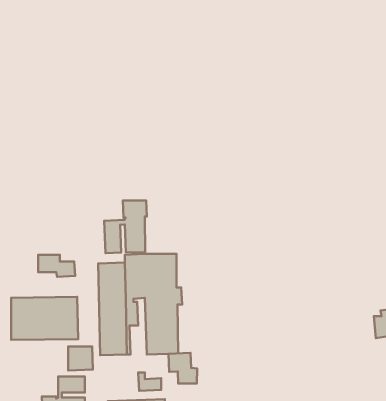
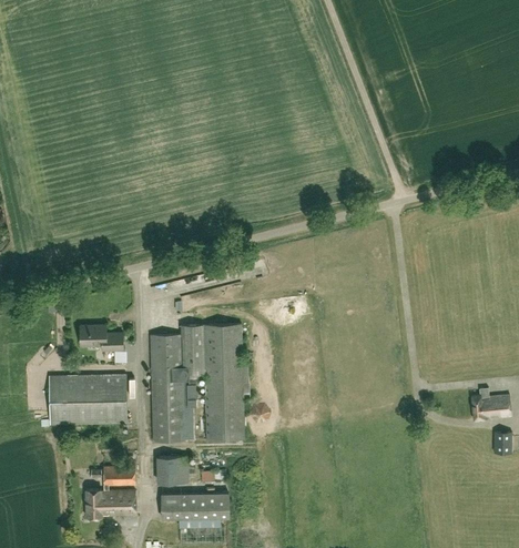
building: [104,200,147,253] -> none
building: [68,346,93,370] -> [157,456,186,484]
building: [168,353,197,383] -> none

